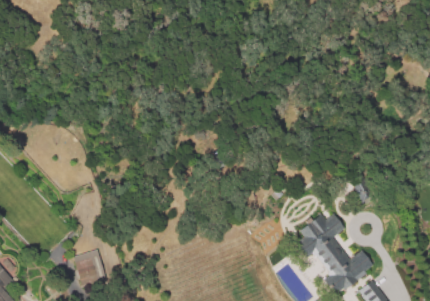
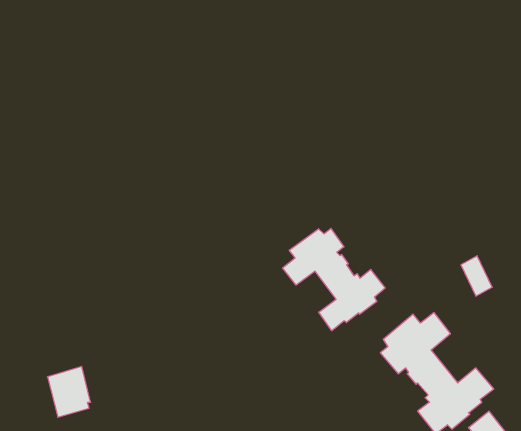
building: none -> [283,228,385,331]

